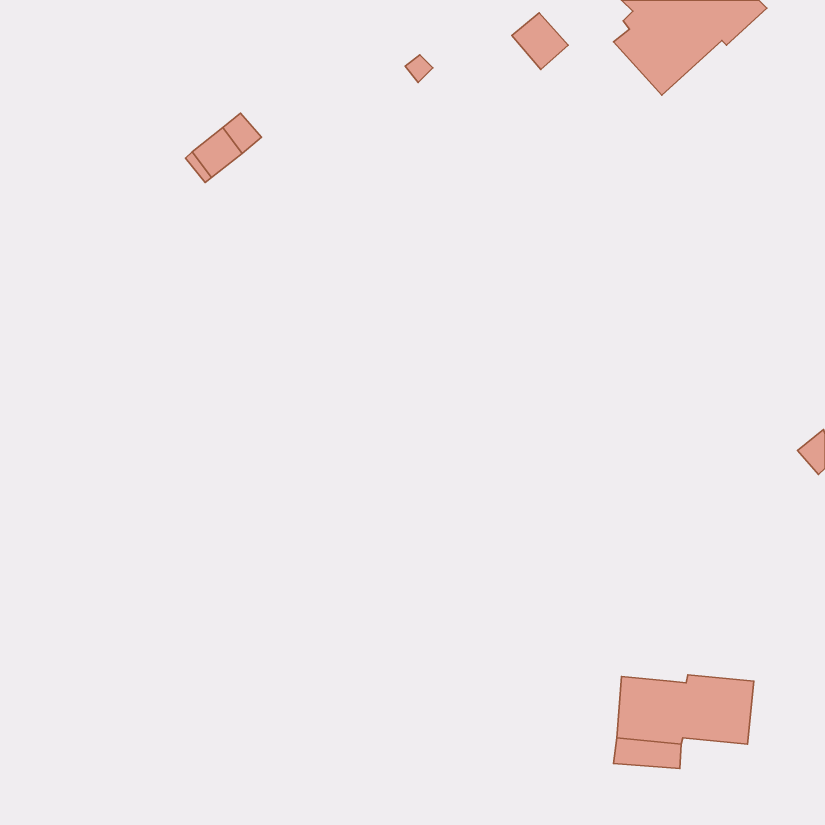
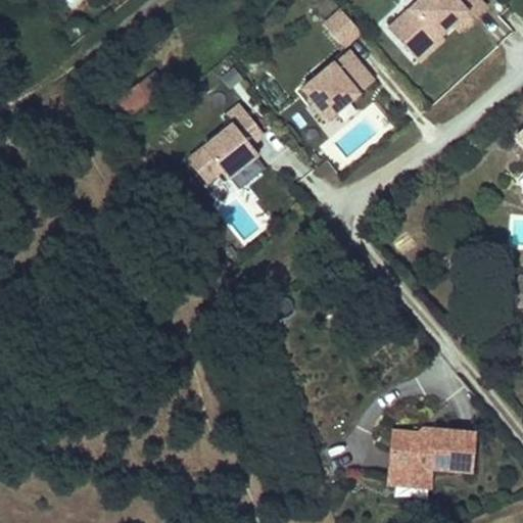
building: none -> [302,49,373,117]
building: none -> [188,102,264,181]

